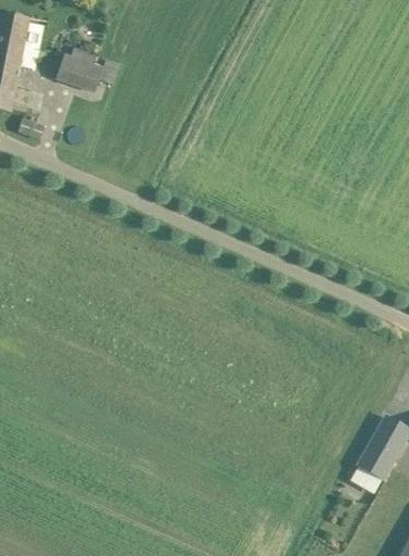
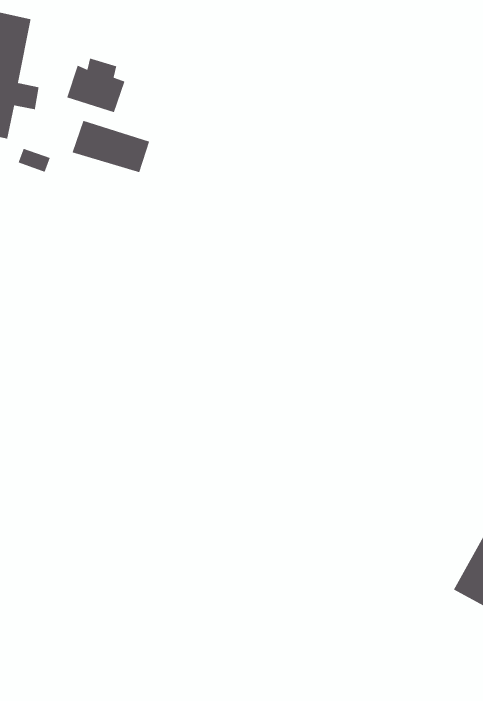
building: none -> [72,120,150,173]

